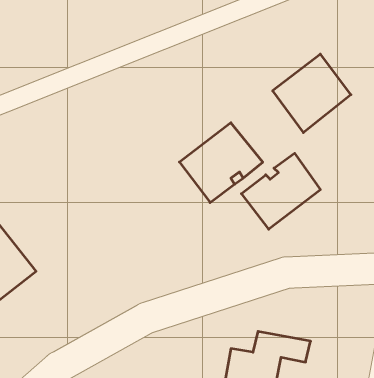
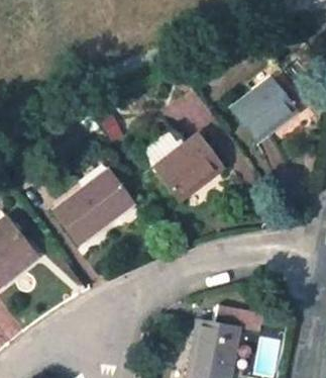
building: [241,153,320,229] -> none
building: none -> [55,170,134,245]

